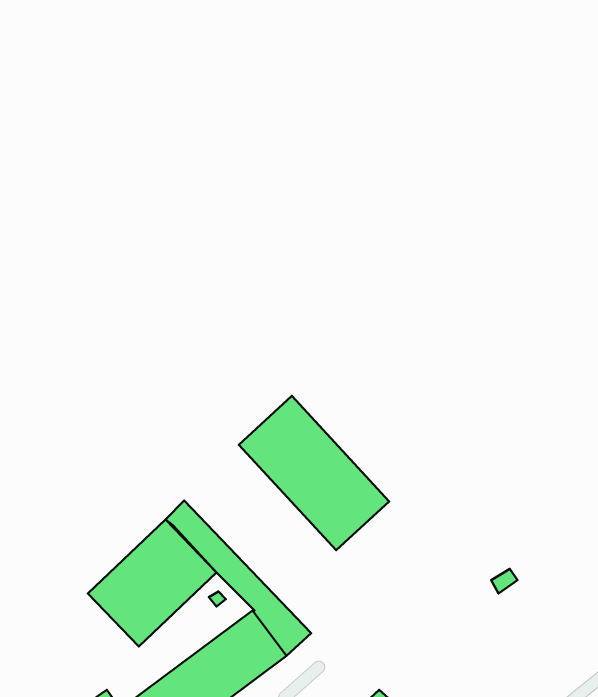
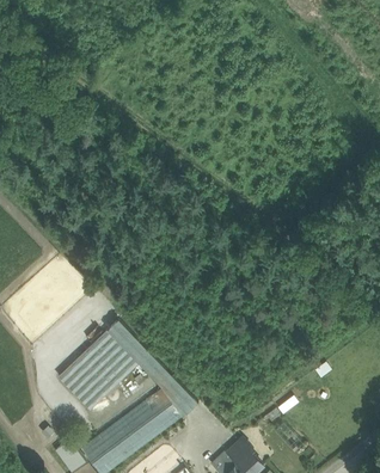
building: [239,396,389,550] -> none

